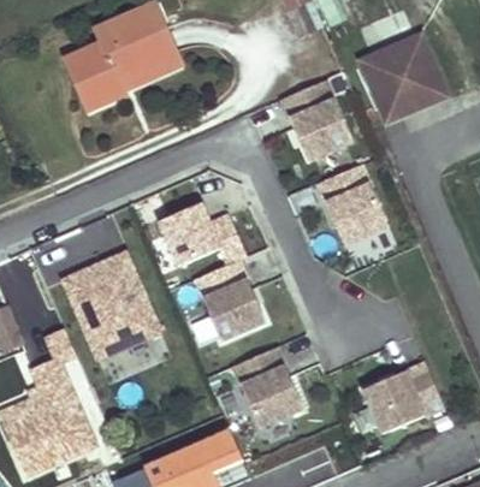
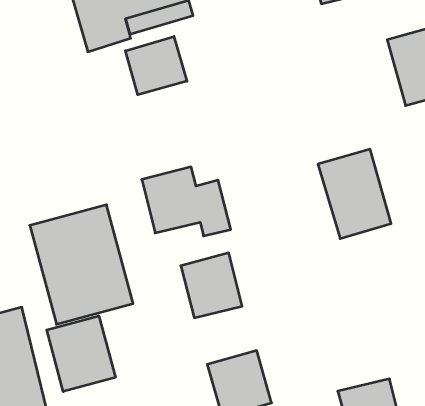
building: none -> [125,36,187,95]
building: [286,94,351,161] -> none
building: none -> [47,316,115,392]

